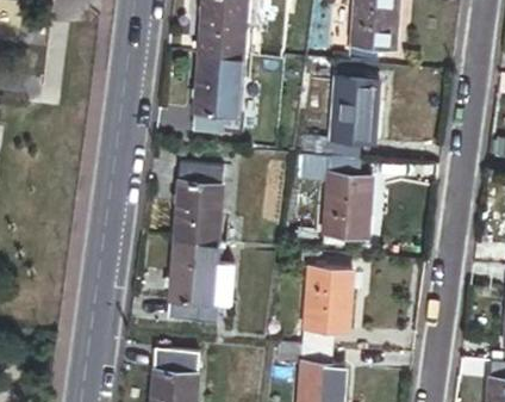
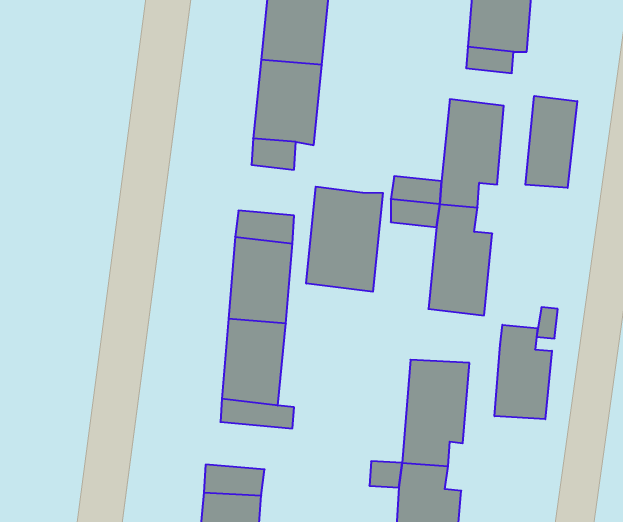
building: none -> [525,96,577,188]
building: none -> [306,187,383,292]
building: none -> [495,325,552,419]

